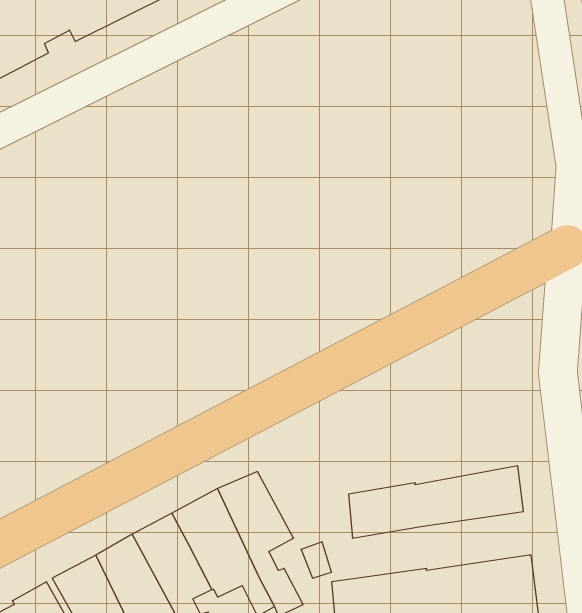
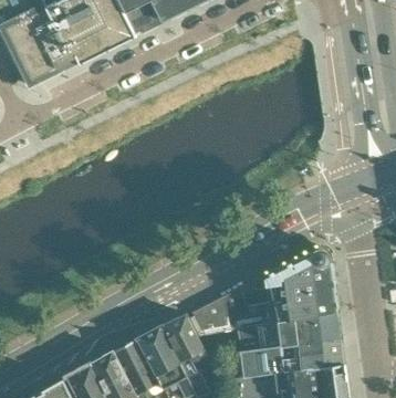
building: none -> [190,248,336,335]
building: none -> [240,338,343,377]

